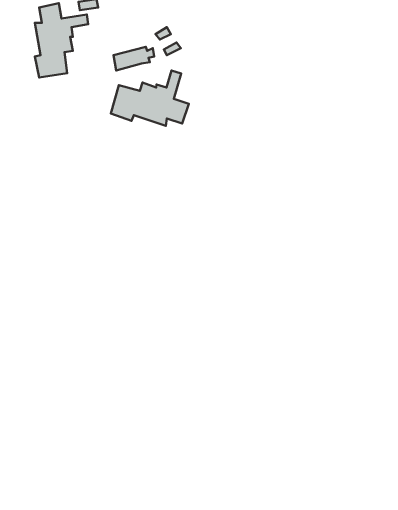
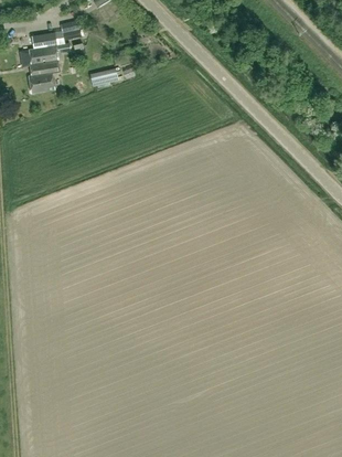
building: [111,70,189,126] -> none

